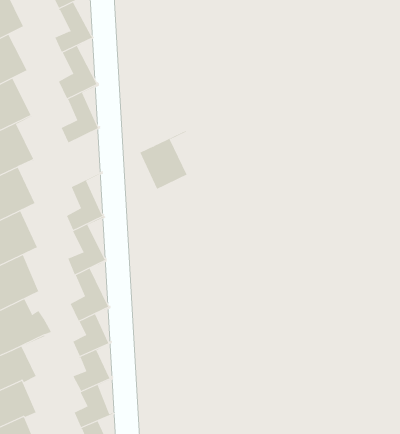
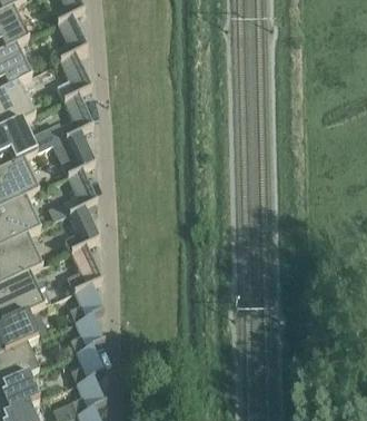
building: [139,130,189,190] -> [52,120,95,172]

